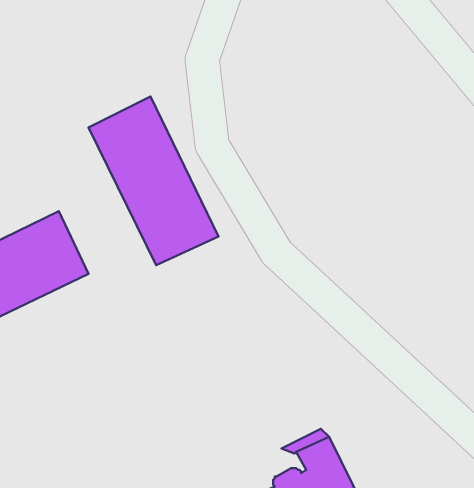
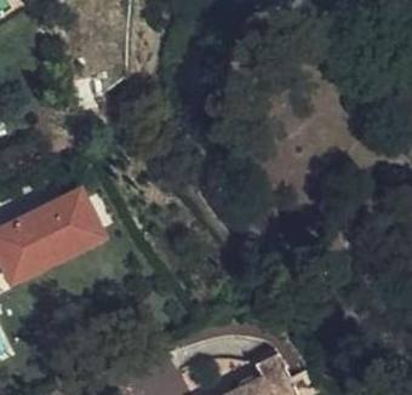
building: [89,97,219,265] -> none

